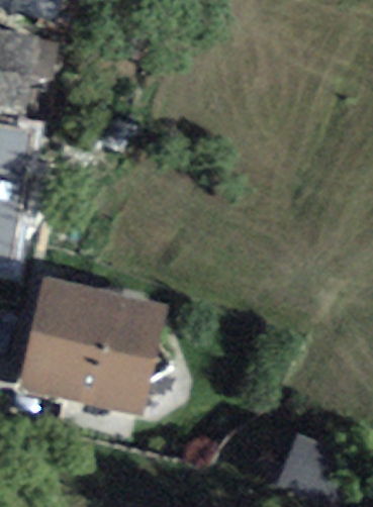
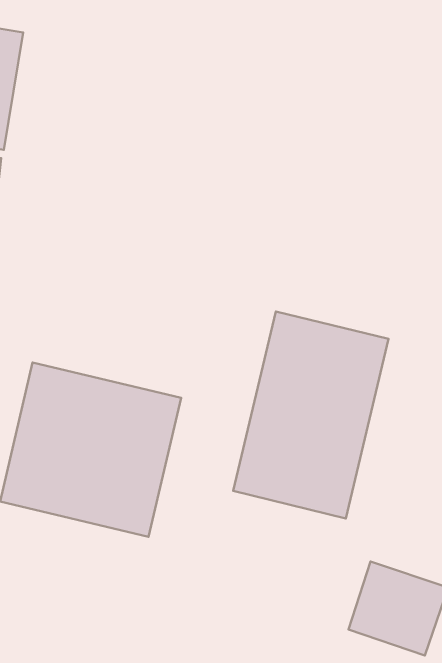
building: none -> [233,311,389,518]

